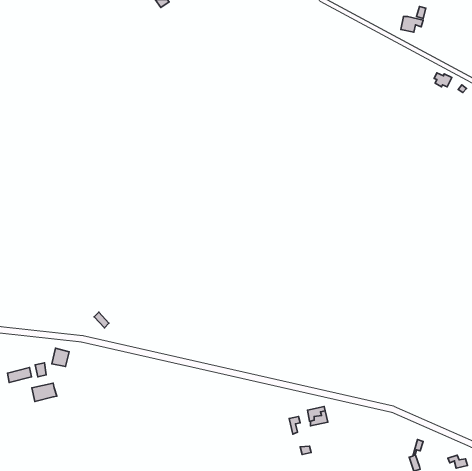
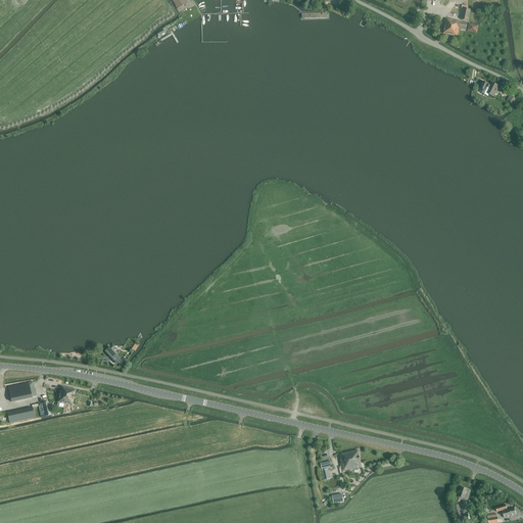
building: [32,383,57,402] -> [9,381,37,401]

